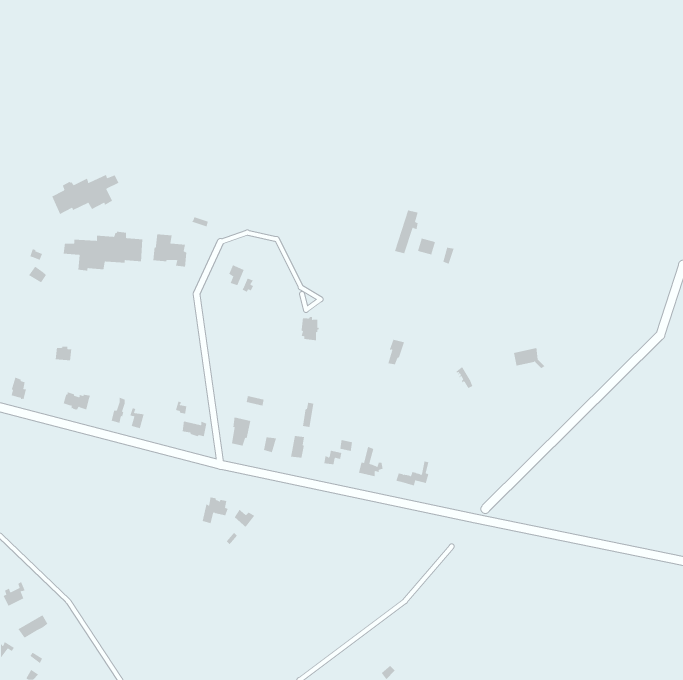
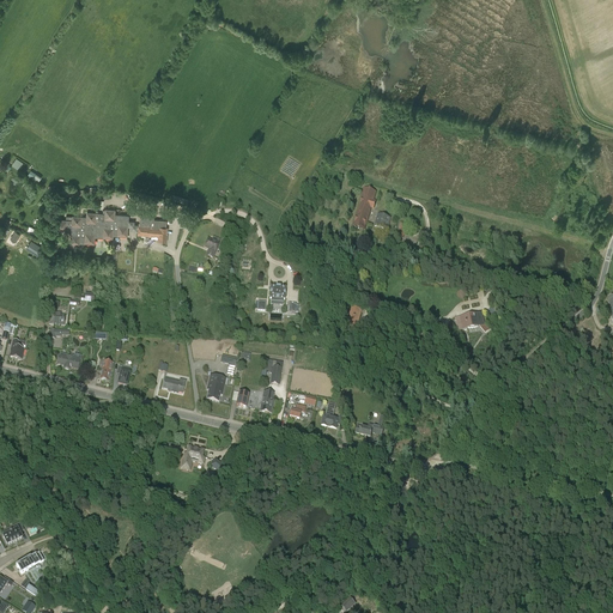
building: [52,174,119,215] -> none

